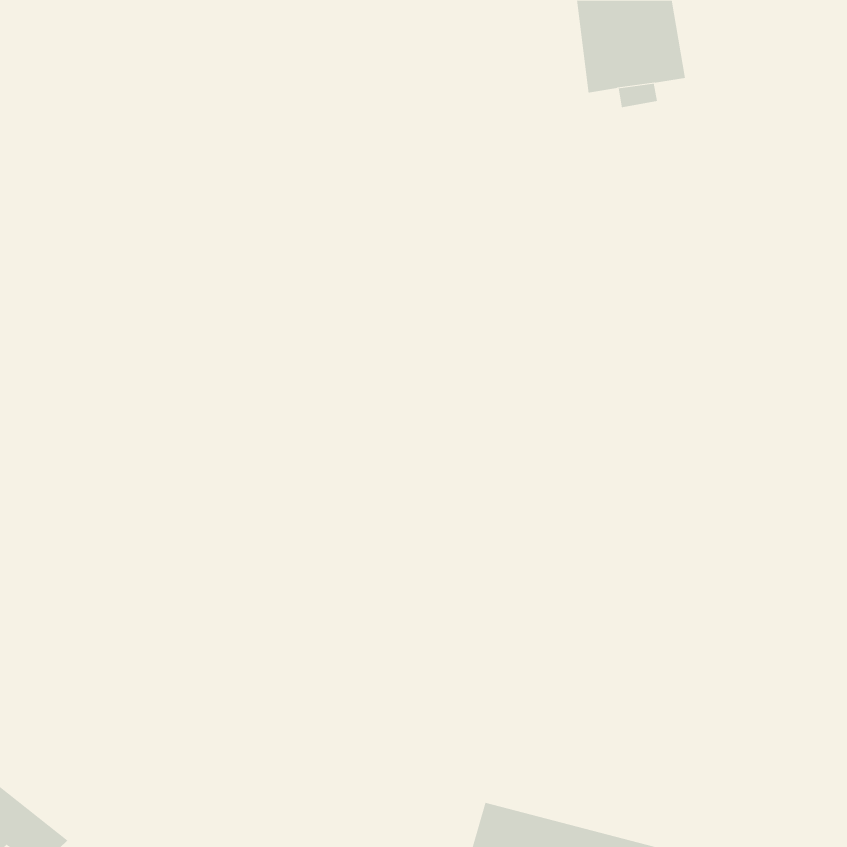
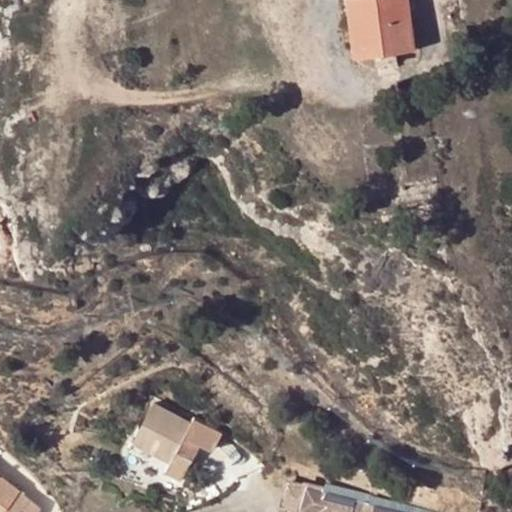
building: none -> [132,402,222,481]

